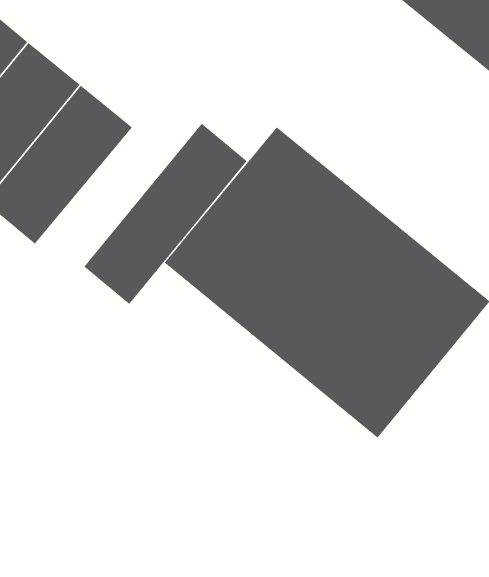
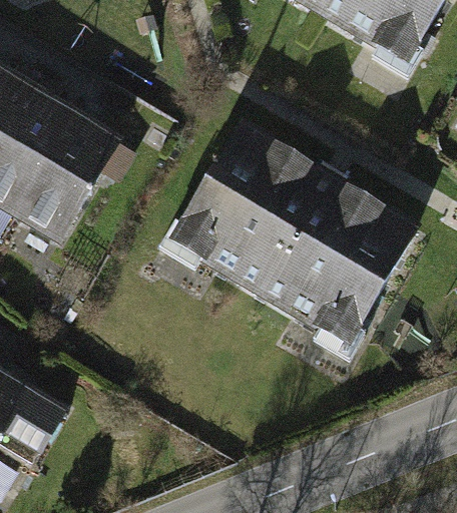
building: [84,123,248,305] -> none

